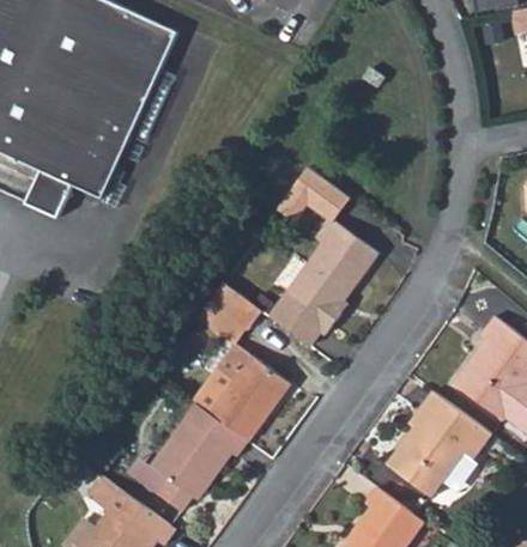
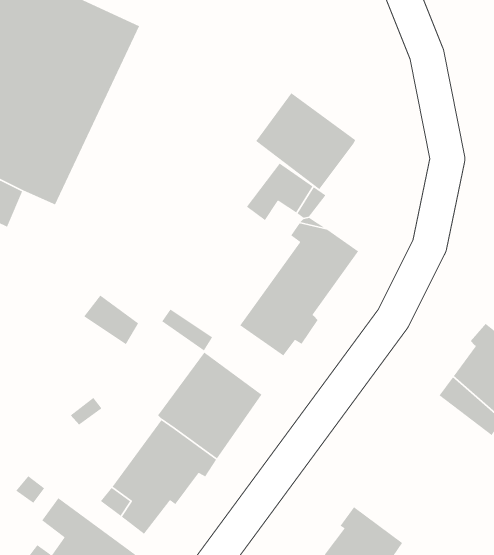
building: none -> [255,92,356,190]
building: [206,281,258,328] -> [83,294,139,345]
building: [382,389,486,496] -> none

